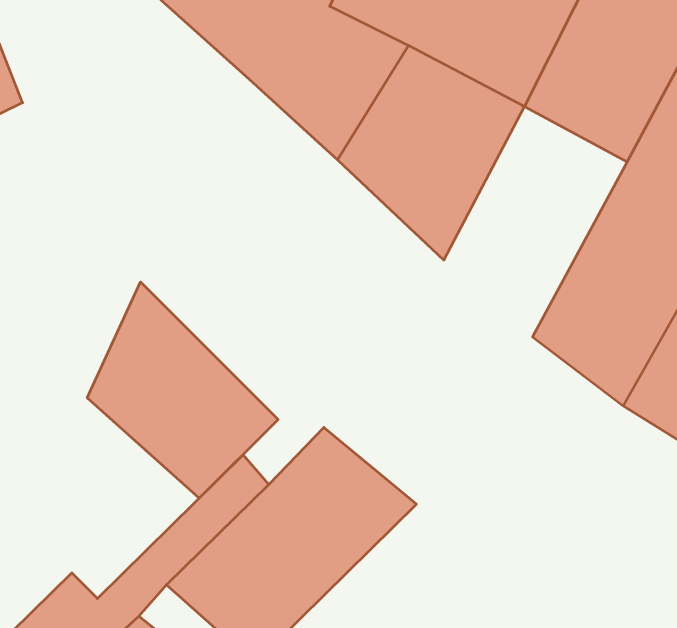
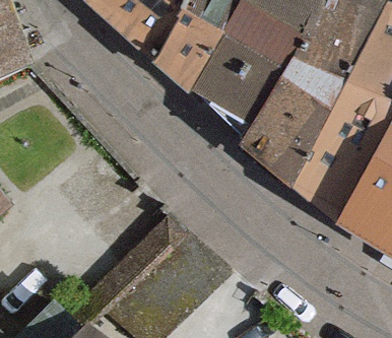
building: none -> [246,61,340,180]
building: [87,282,278,498] -> none

